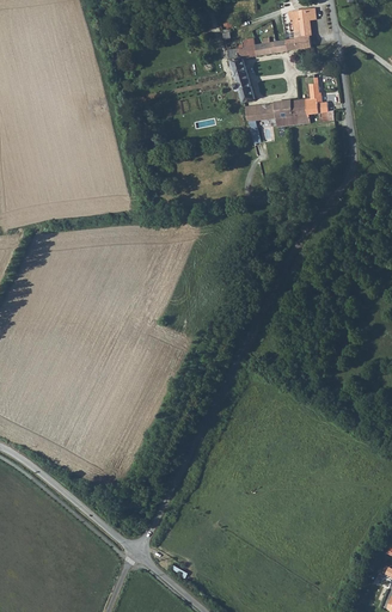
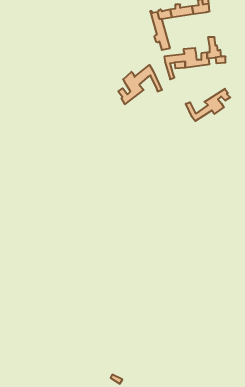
building: none -> [118,65,162,104]
building: none -> [186,89,230,121]

